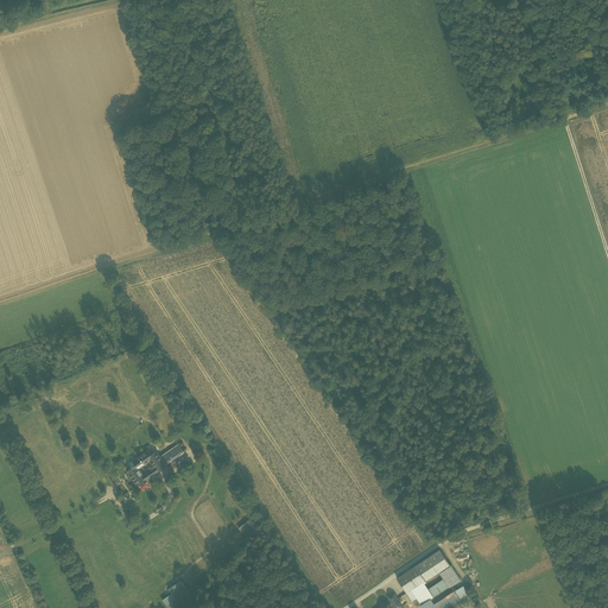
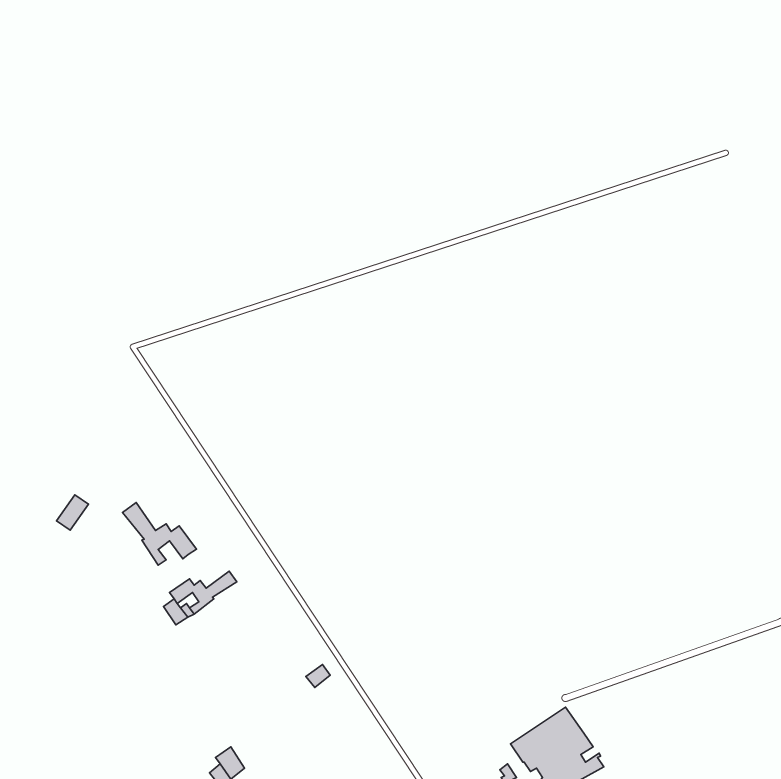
building: none -> [122,503,196,565]

